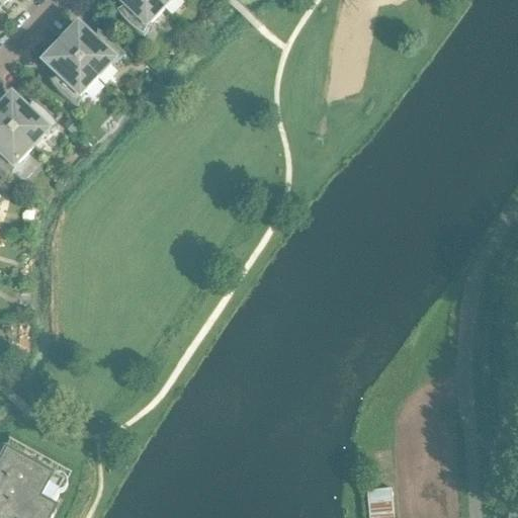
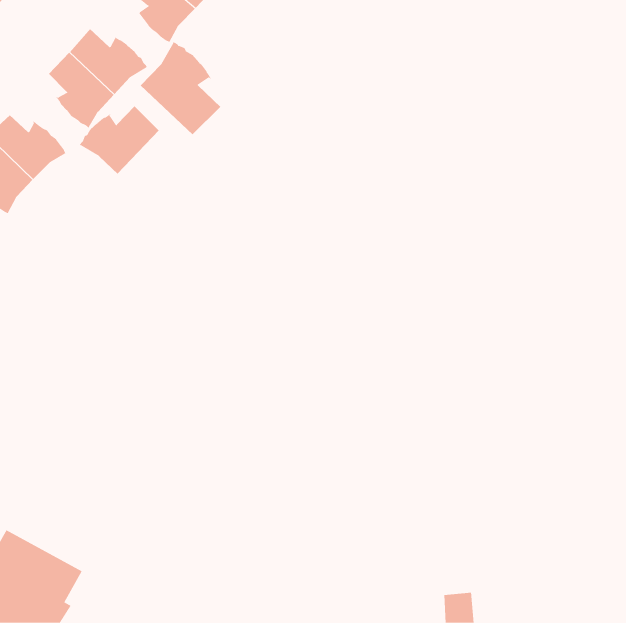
building: none -> [140,41,221,135]
building: none -> [79,106,159,175]

